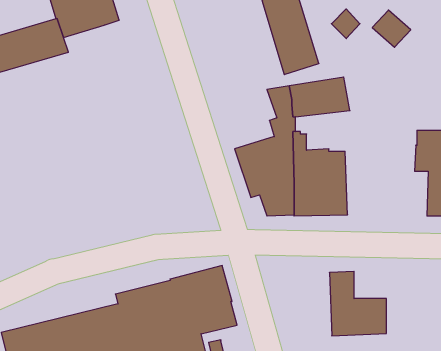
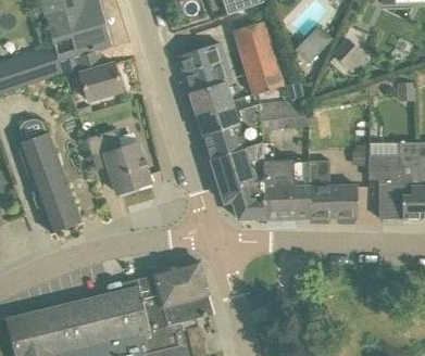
building: none -> [178,42,248,160]
building: none -> [61,51,125,101]
building: none -> [86,129,151,192]
building: none -> [18,131,82,232]
building: [329,271,386,336] -> [308,161,358,217]

